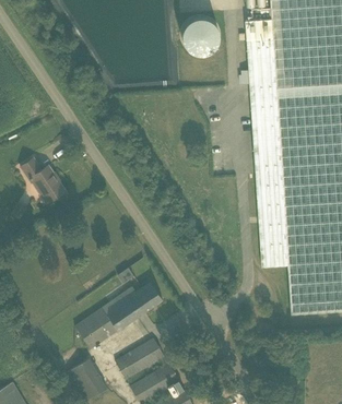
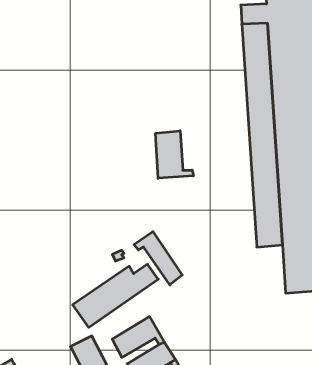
building: none -> [156,131,193,178]
building: [21,158,66,201] -> none
building: none -> [134,232,182,285]

